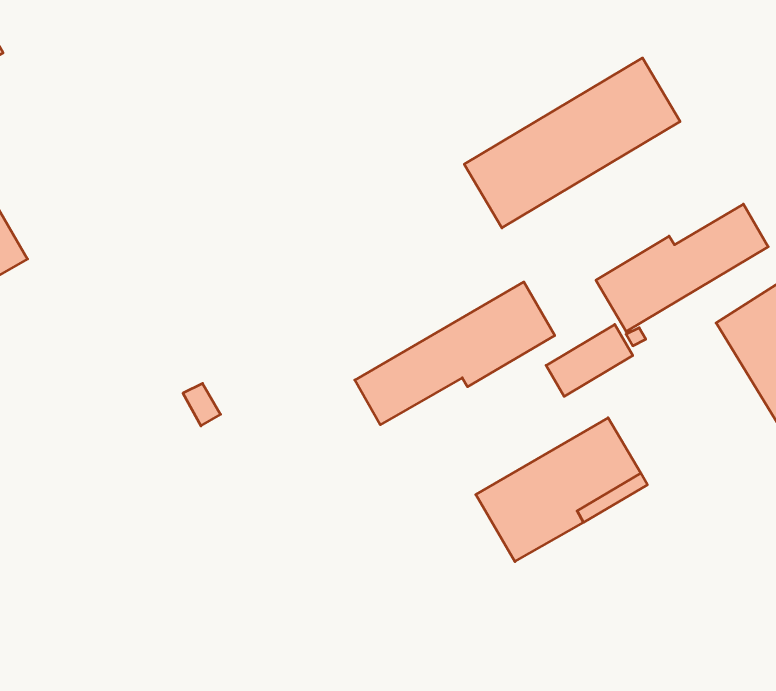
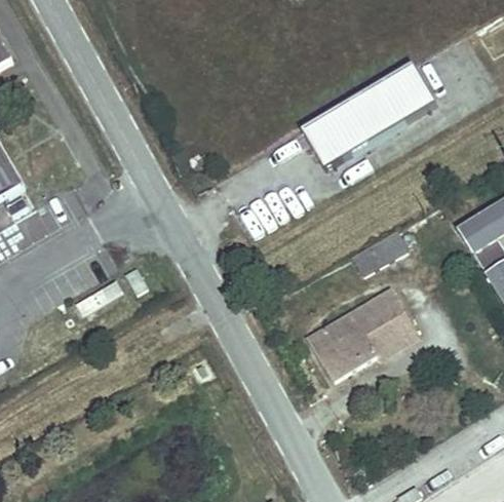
building: [596,204,768,332] -> none
building: [355,282,555,425] -> none

